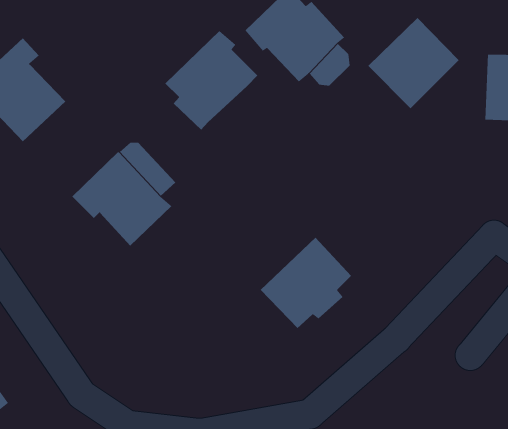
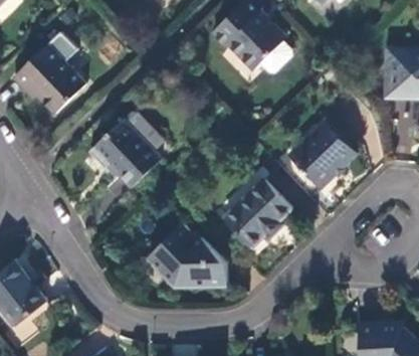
building: [367,17,459,109] -> [289,122,356,188]
building: [164,30,258,131] -> none
building: none -> [145,230,224,287]

